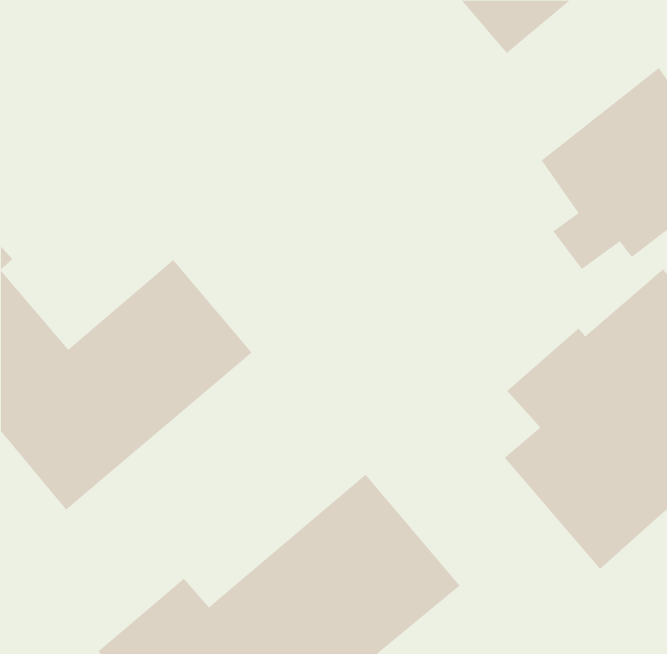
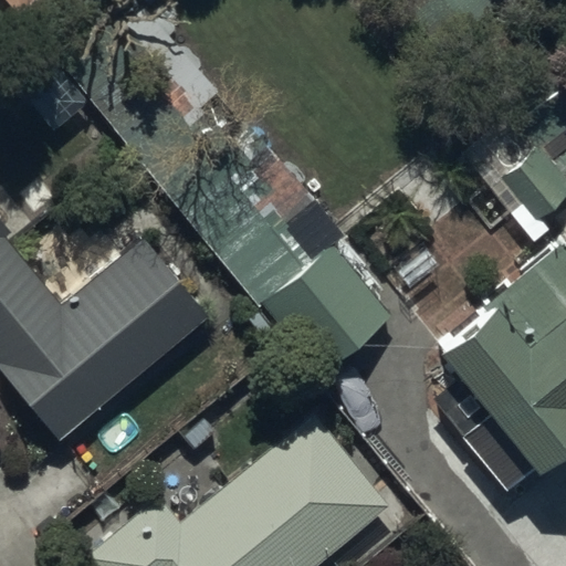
building: none -> [203,174,394,375]

